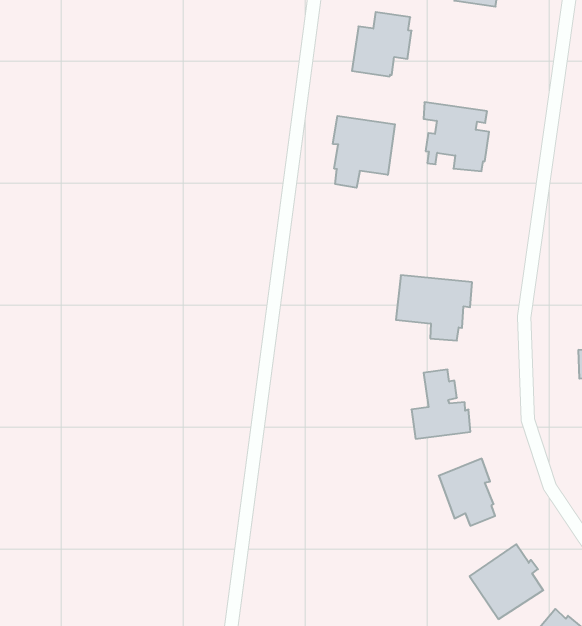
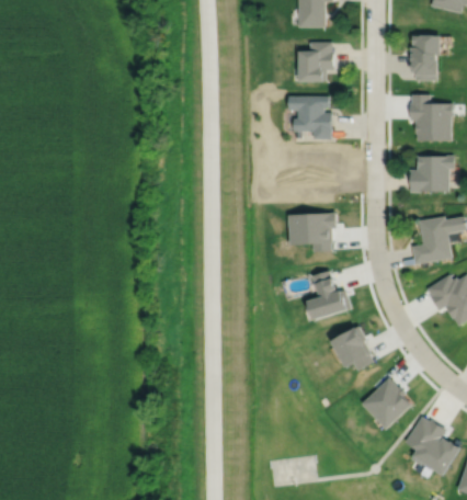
building: [352,12,412,76] -> [298,43,333,83]
building: [333,116,395,188] -> none

